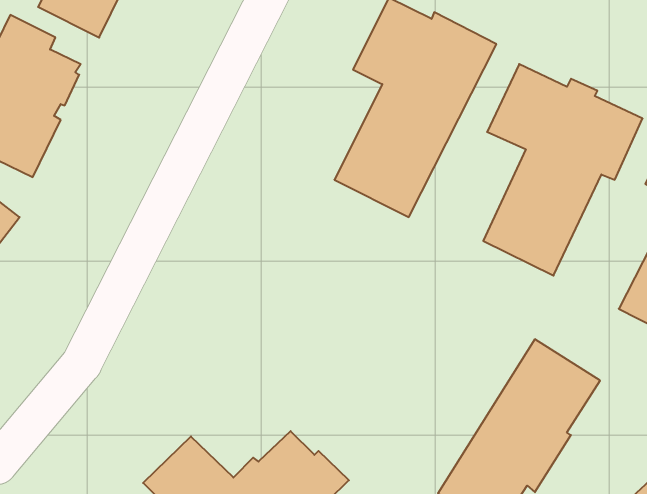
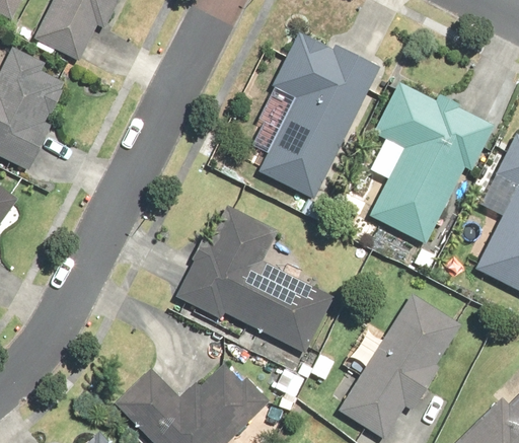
building: none -> [175,205,332,352]

